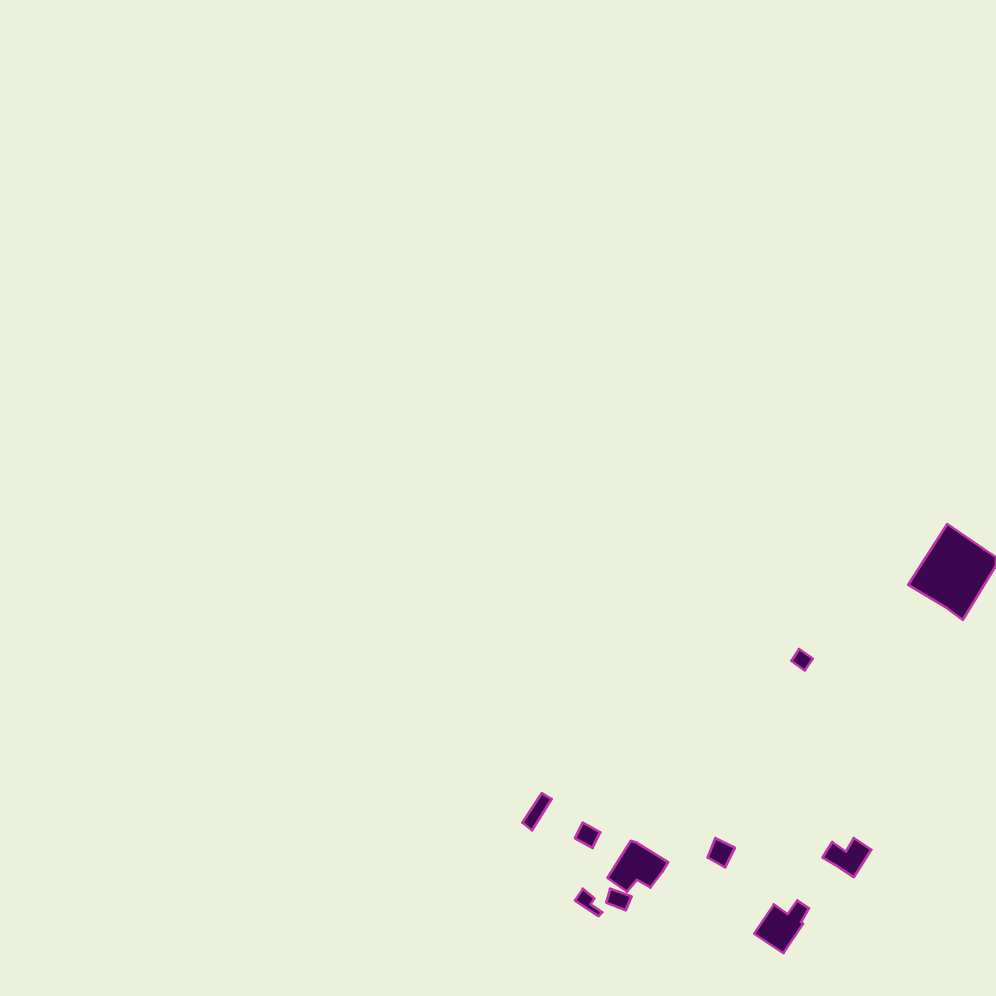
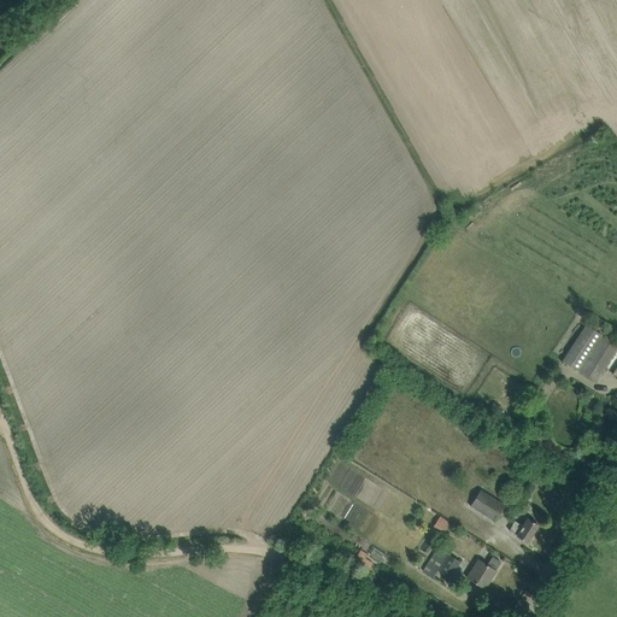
building: none -> [470,489,505,522]
building: [608,841,668,892] -> [423,548,460,580]

